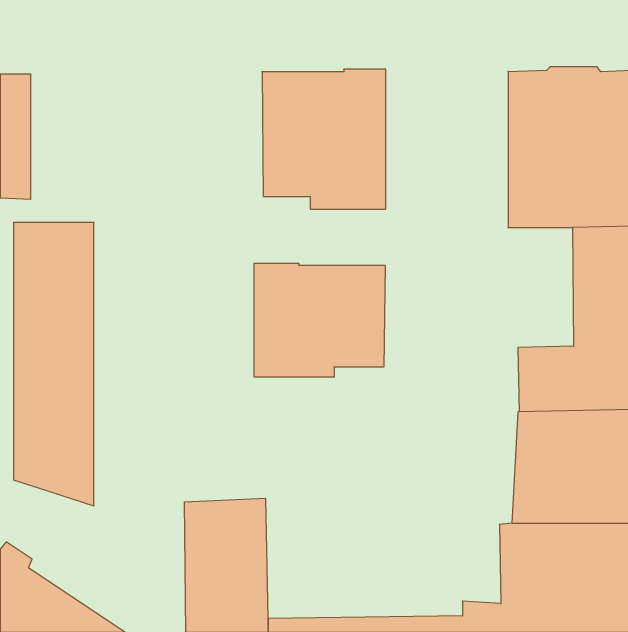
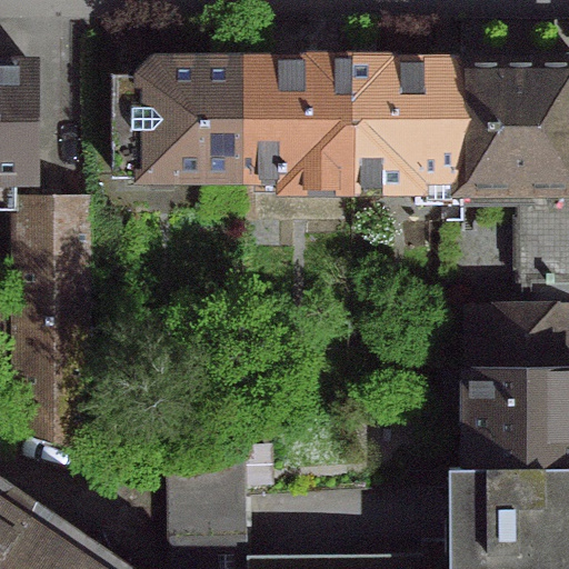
building: none -> [350,62,460,204]
building: none -> [113,63,240,177]
building: [254,263,385,377] -> none

